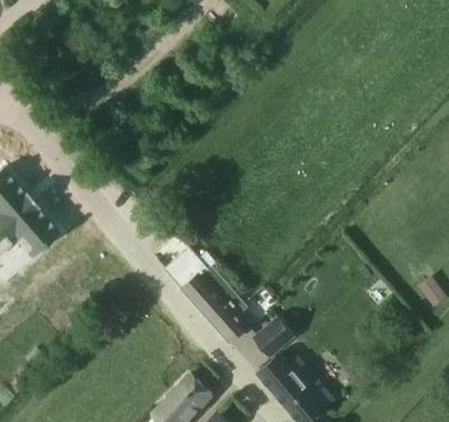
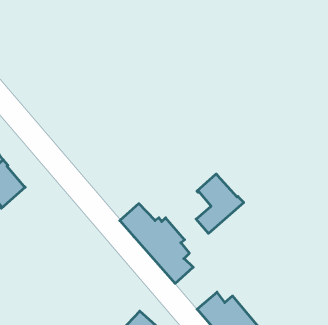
building: none -> [196,174,244,233]
building: [252,316,296,360] -> none

